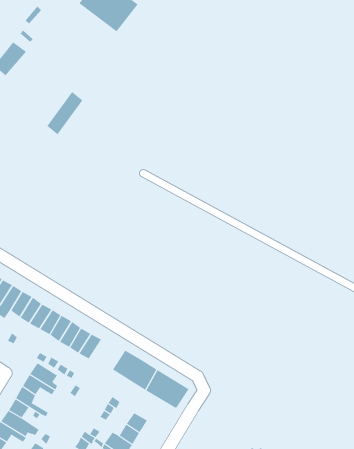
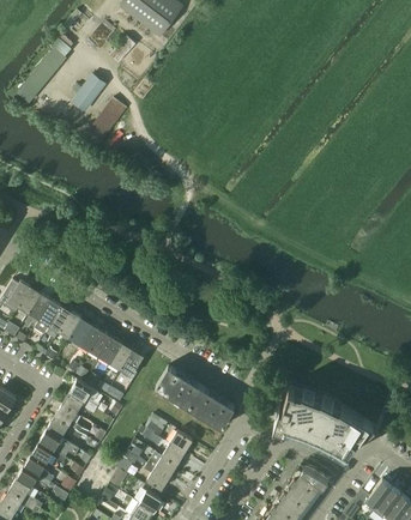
building: none -> [71,74,107,114]
building: none -> [273,388,369,455]

